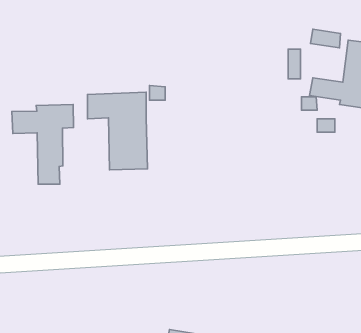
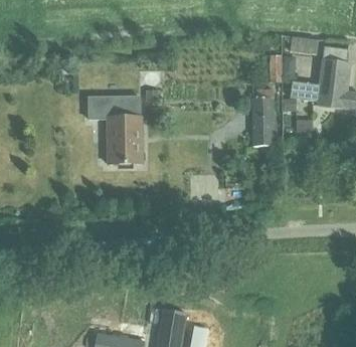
building: none -> [252,91,274,147]
building: [12,104,73,184] -> none

